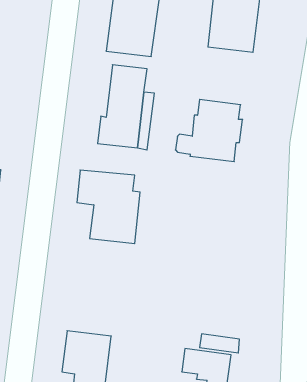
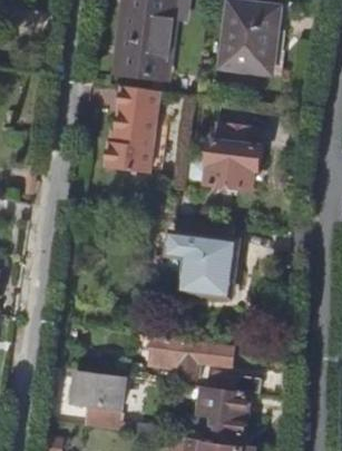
building: [77,170,140,244] -> [169,218,236,296]
building: none -> [149,335,231,379]

